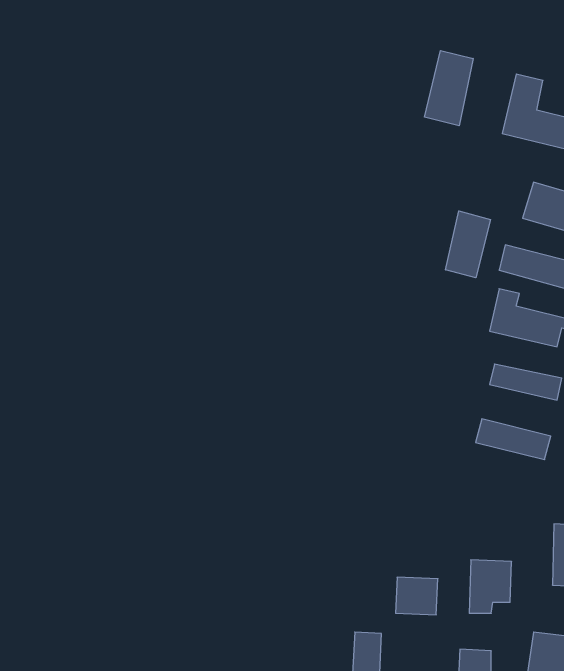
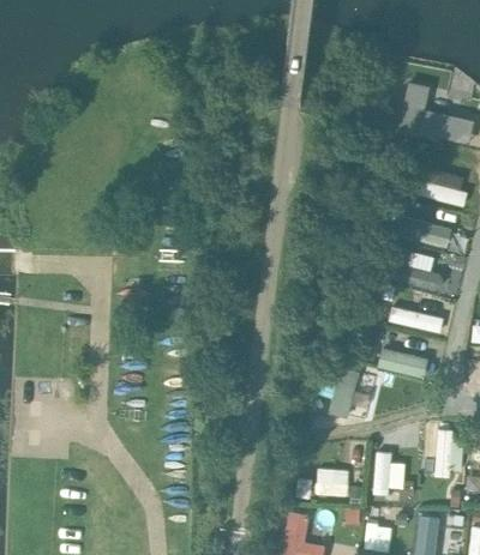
building: [425,51,473,126] -> none
building: [446,211,491,278] -> none
building: none -> [318,367,365,418]

